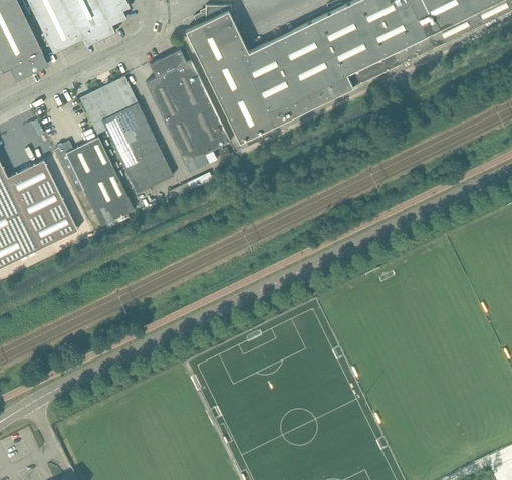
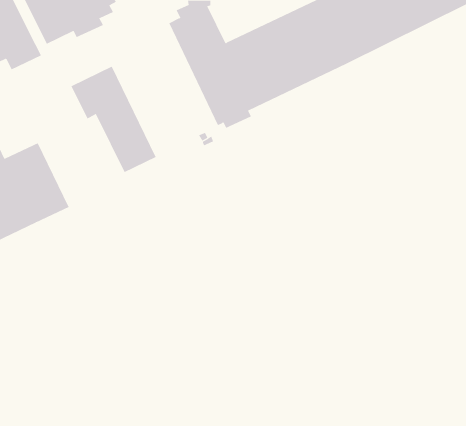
building: [146,48,230,172] -> none
building: [55,137,134,227] -> none

